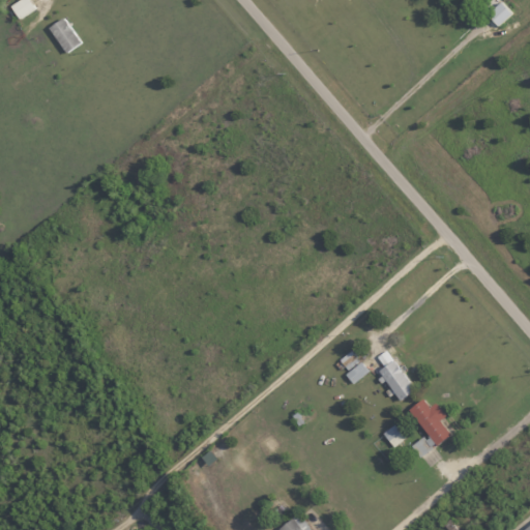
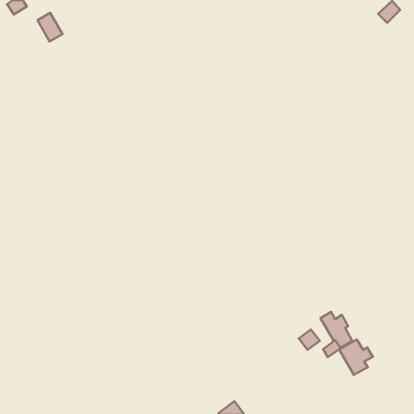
building: [340,350,369,384] -> none
building: [376,351,414,401] -> none
building: none -> [339,339,373,375]

